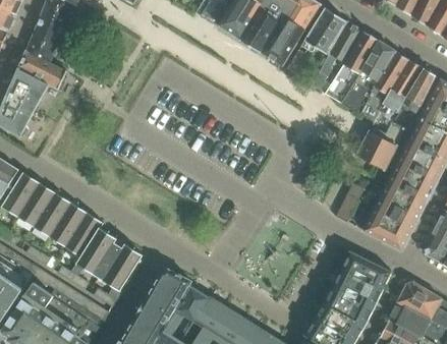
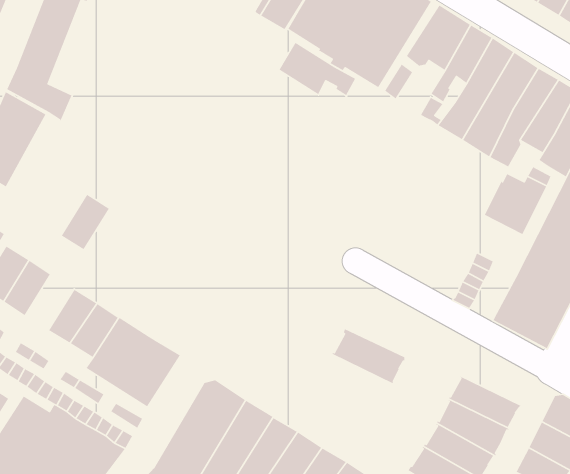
building: none -> [279,42,356,96]
building: [34,197,68,237] -> [61,194,110,250]
building: [340,250,392,290] -> [331,328,405,384]

